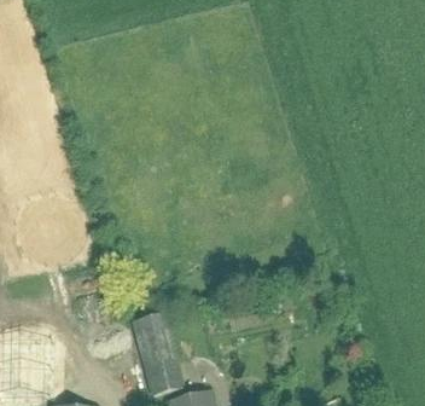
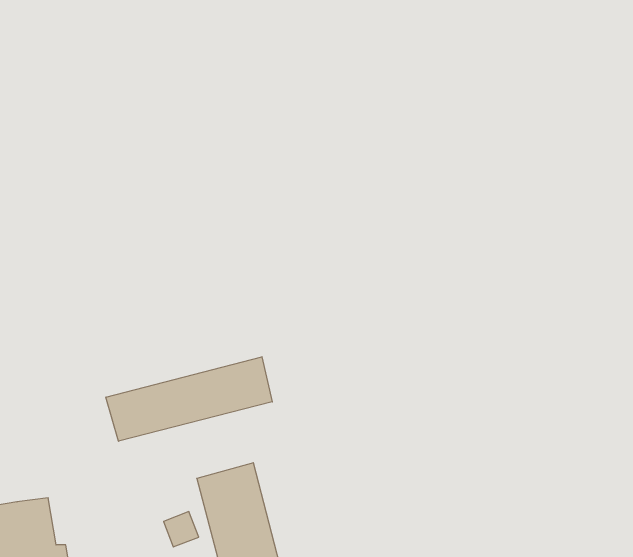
building: none -> [106,357,272,441]

